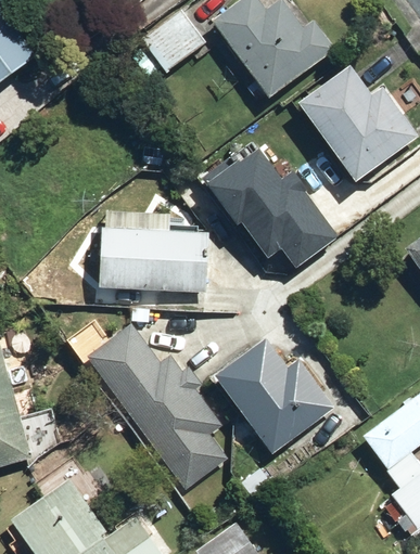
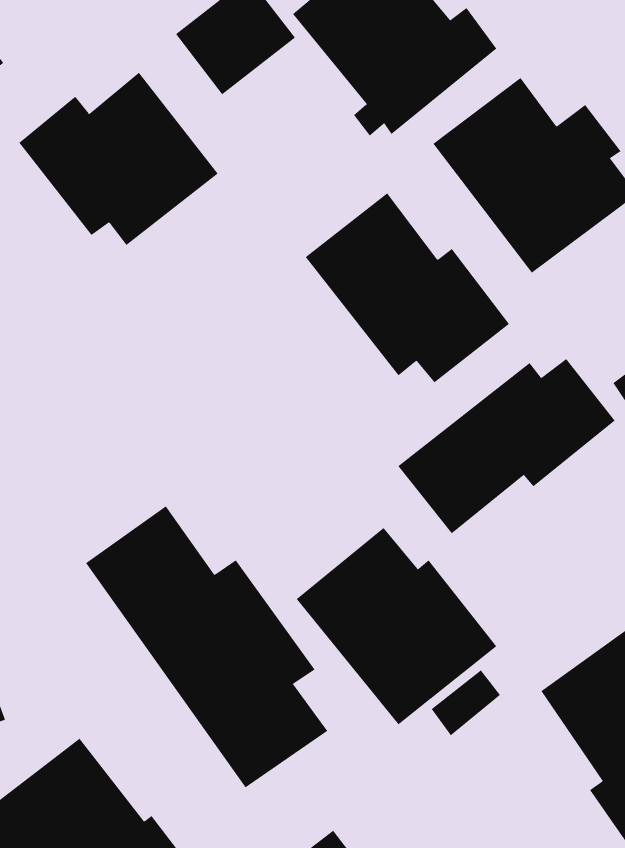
building: none -> [19,72,219,246]
building: [102,212,207,291] -> none
building: none -> [398,358,615,534]

